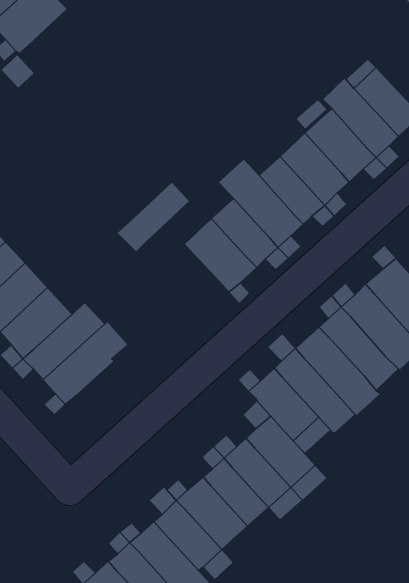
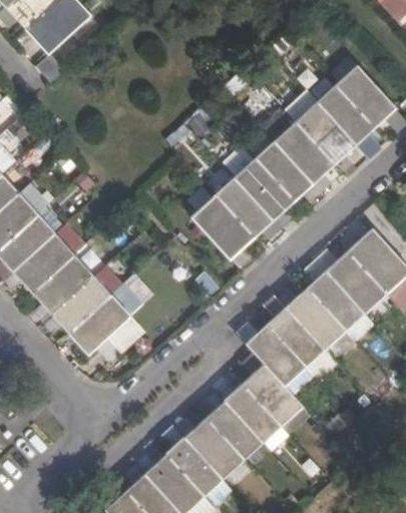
building: [117,182,190,252] -> none

